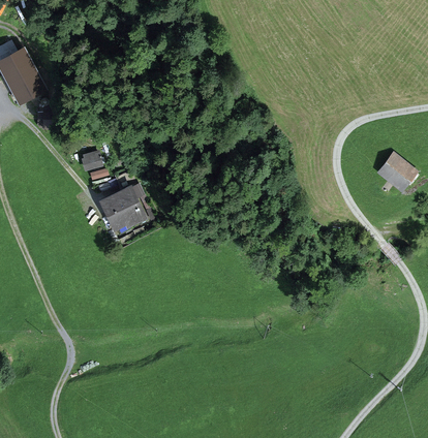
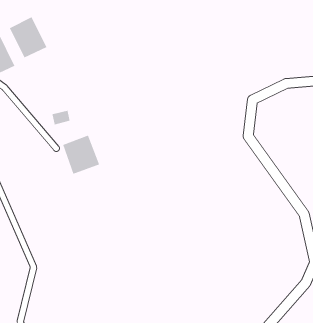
building: none -> [9,16,47,58]
building: [378,152,414,186] -> none

